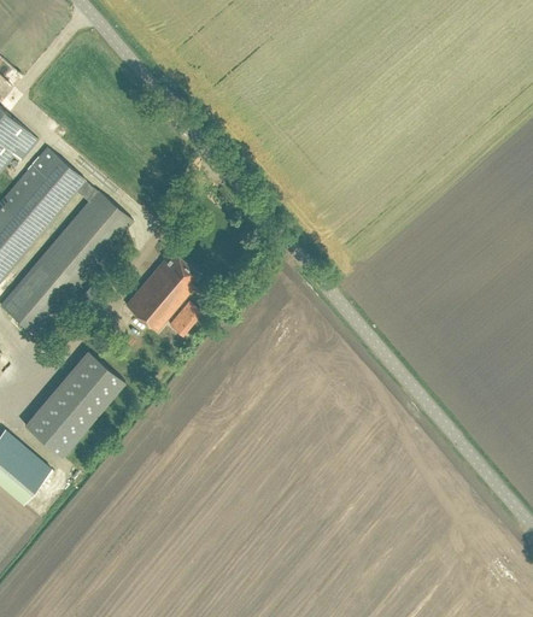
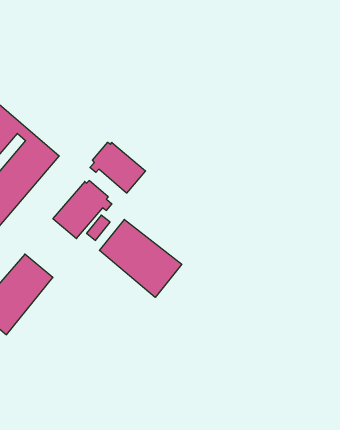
building: none -> [90,142,146,193]
building: none -> [99,219,182,297]

